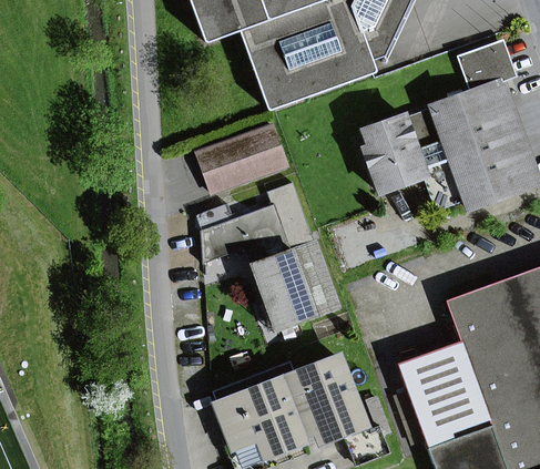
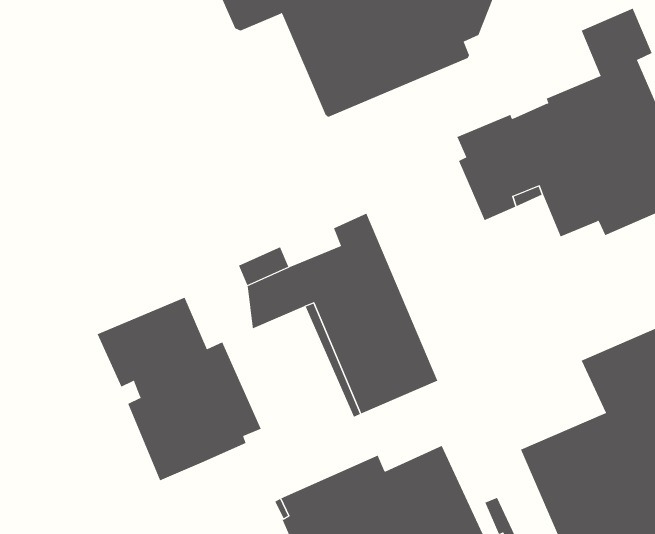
building: [197,124,288,194] -> none
building: none -> [97,297,262,481]

